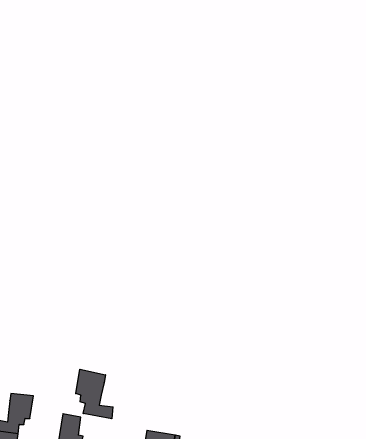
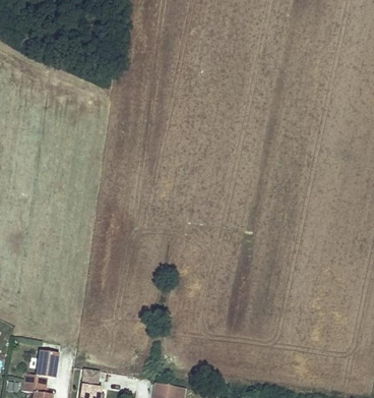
building: [76,369,113,419] -> none

